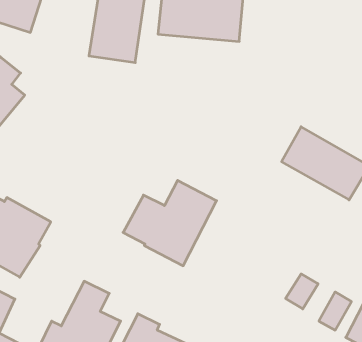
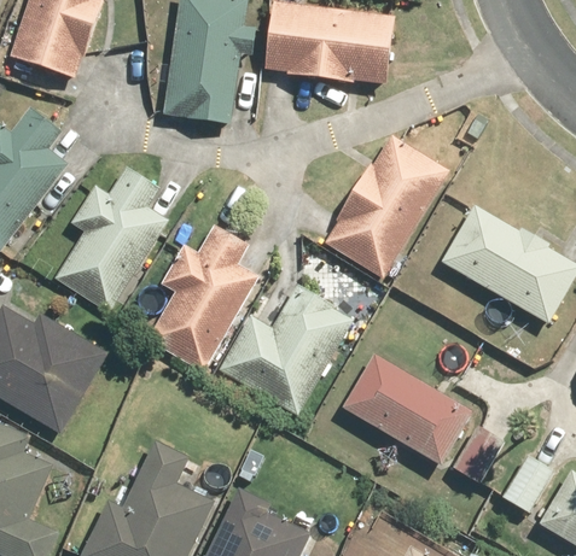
building: none -> [326,135,443,274]
building: none -> [56,166,167,314]
building: none -> [152,226,249,364]
building: none -> [345,357,471,463]

